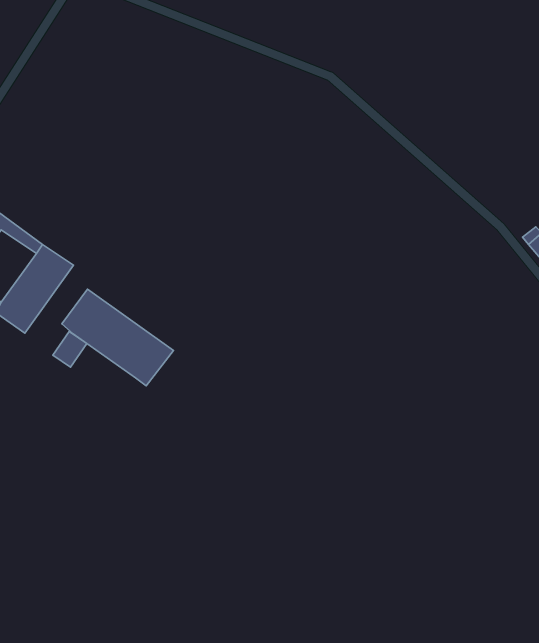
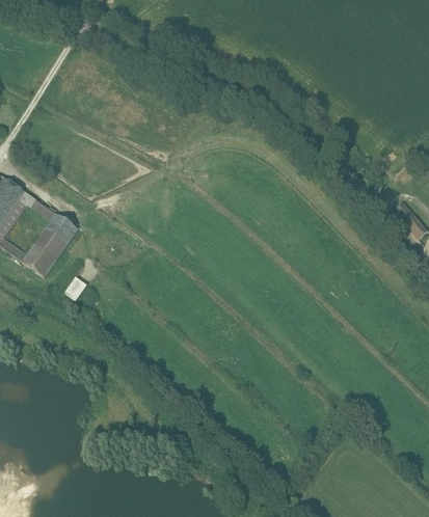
building: [62,289,173,386] -> none

